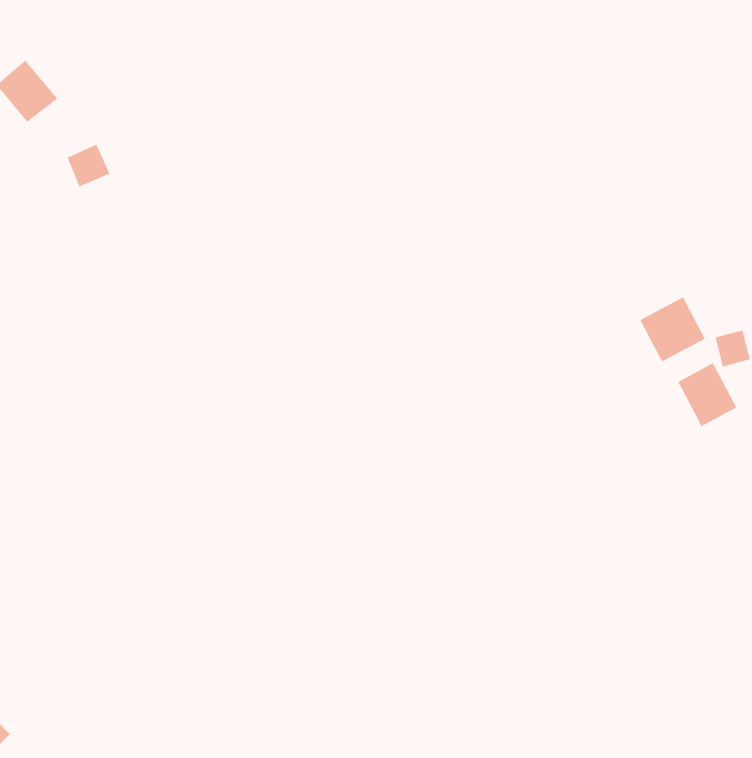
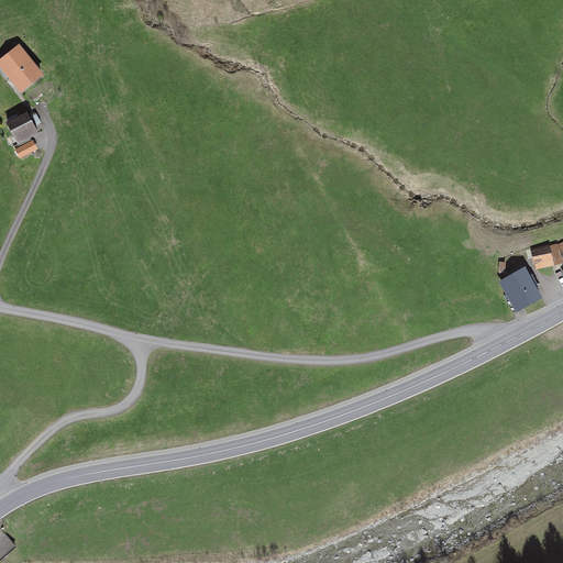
building: [67,144,110,187] -> [8,111,40,143]
building: [640,296,705,362] -> none

